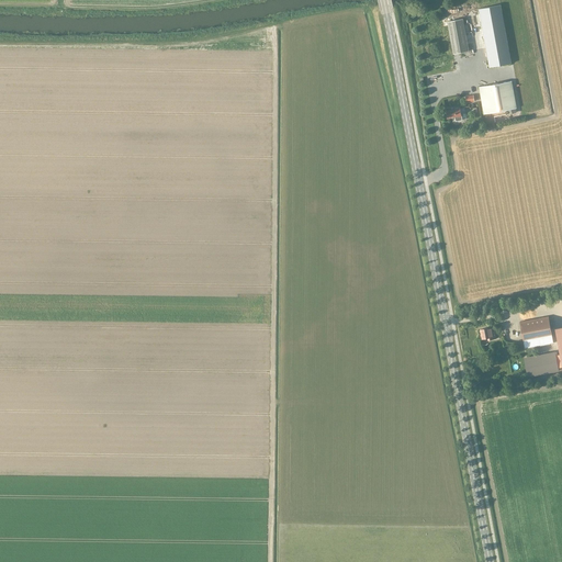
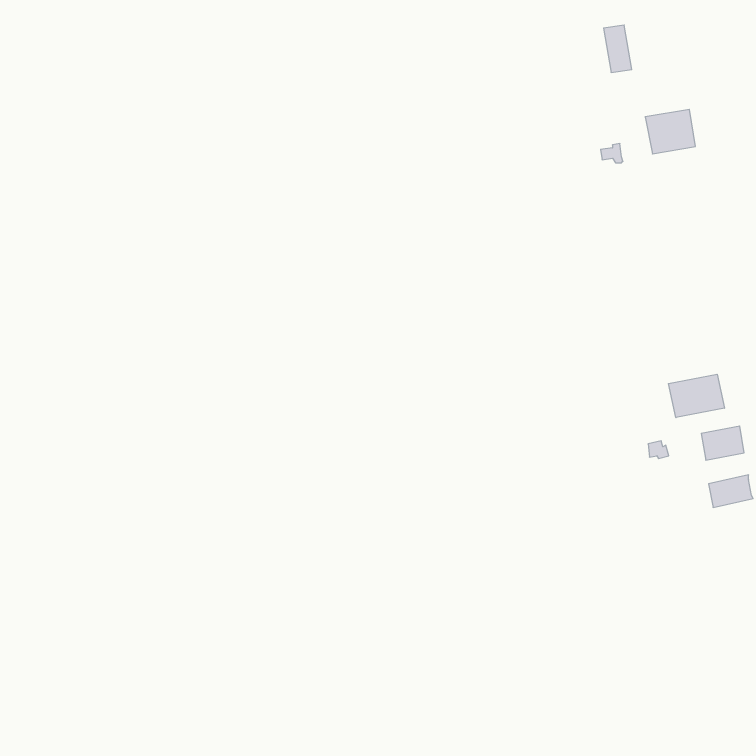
building: [479,5,512,67] -> none
building: none -> [668,374,724,418]

